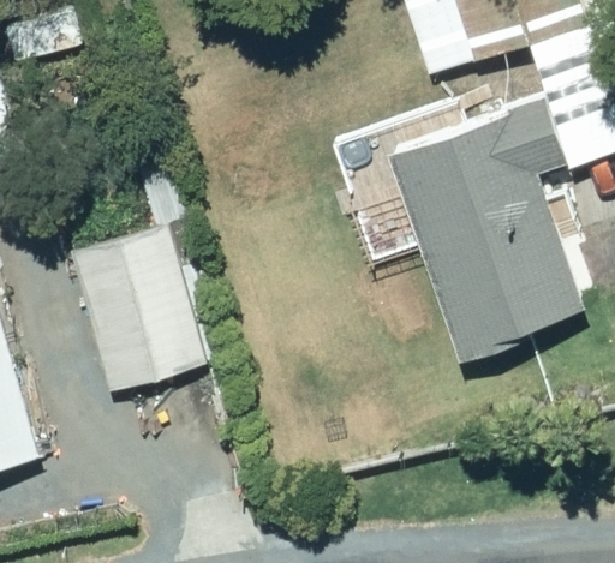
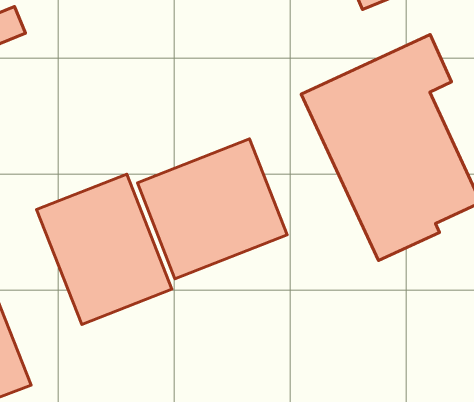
building: none -> [137,139,287,279]

